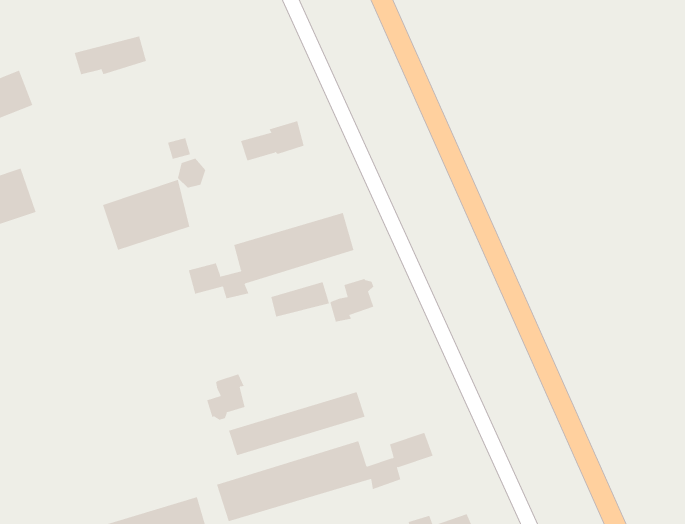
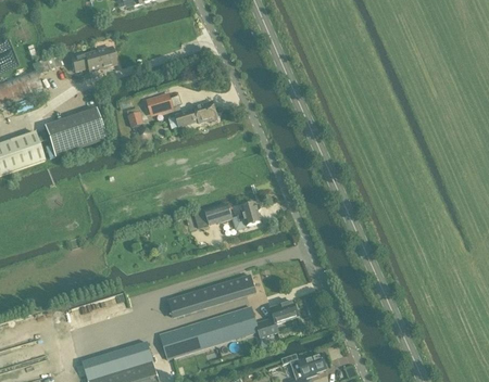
building: none -> [146,91,175,116]
building: [102,179,190,250] -> [47,112,103,157]
building: [188,212,354,299] -> none
building: [206,373,245,421] -> none

